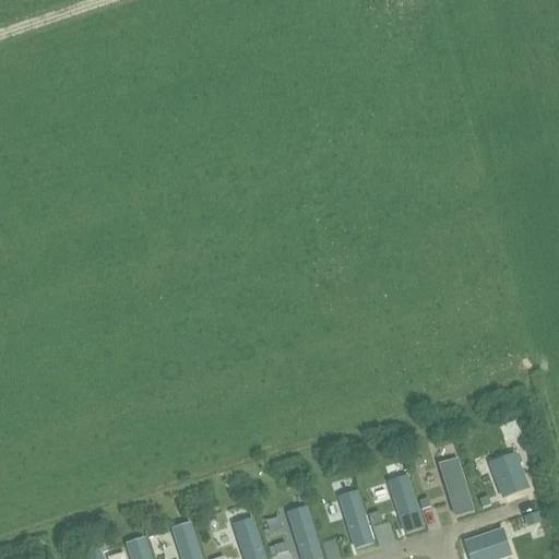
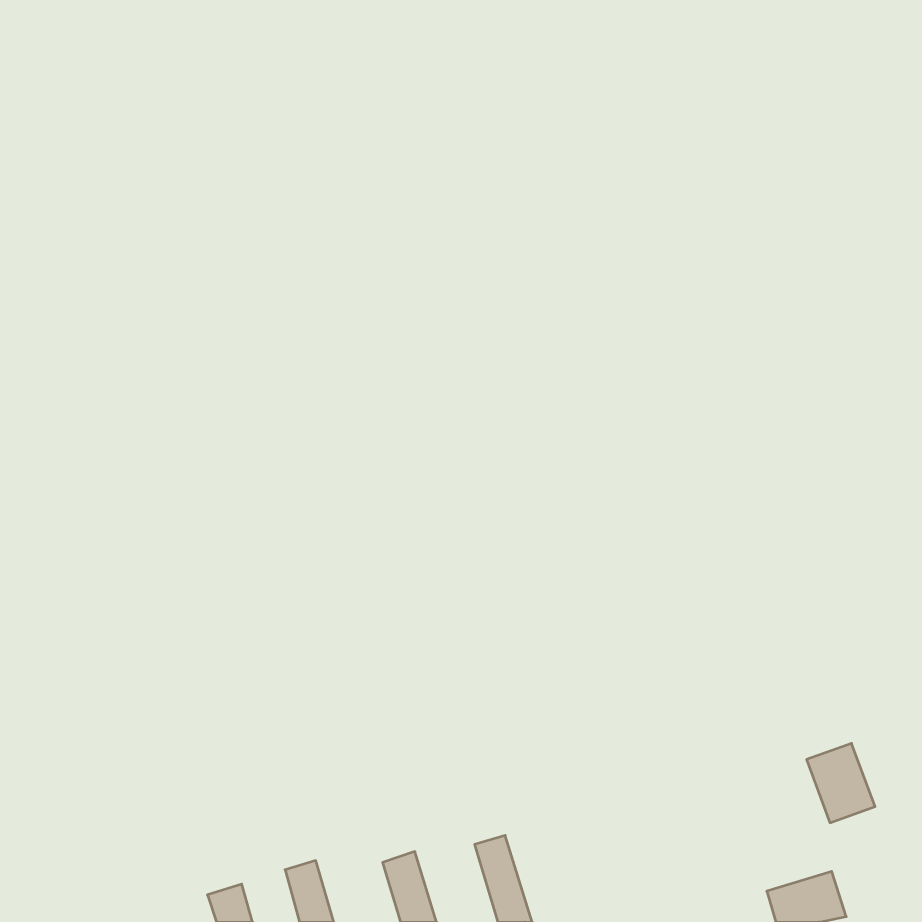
building: [439,455,474,515] -> none
building: [388,474,421,533] -> none
building: [338,489,372,548] -> none

